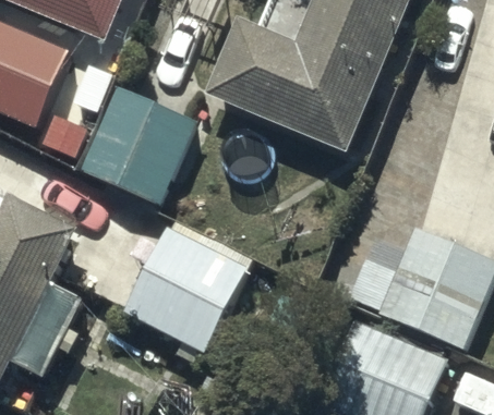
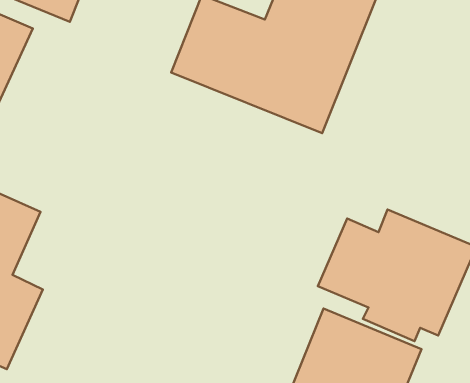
building: [75,83,196,204] -> none
building: [123,216,255,363] -> none

